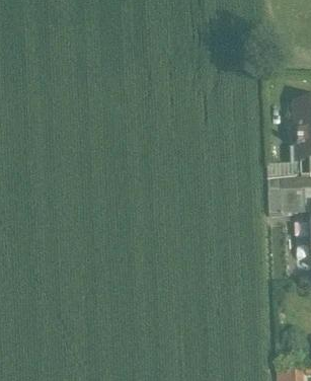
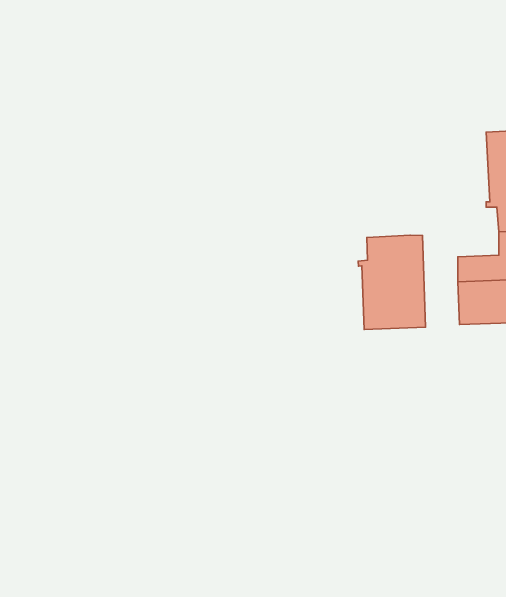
building: none -> [358,235,426,329]

